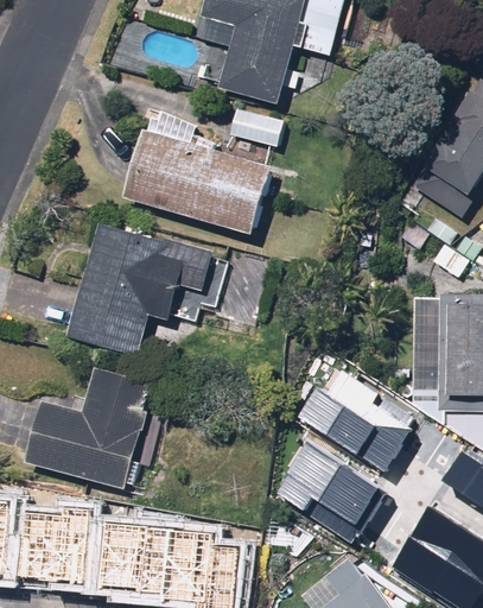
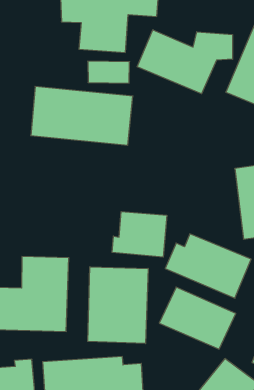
building: none -> [137,30,233,94]
building: [72,223,220,357] -> none
building: none -> [112,212,167,257]
building: none -> [88,267,148,344]

